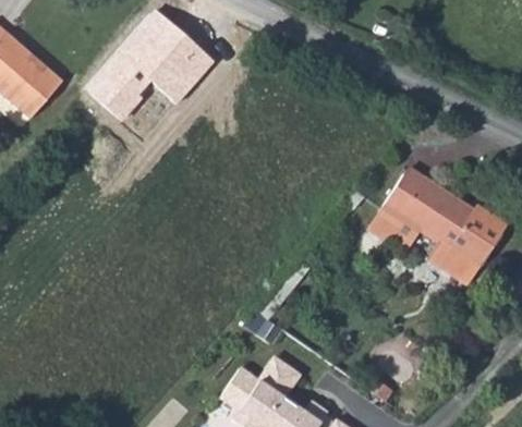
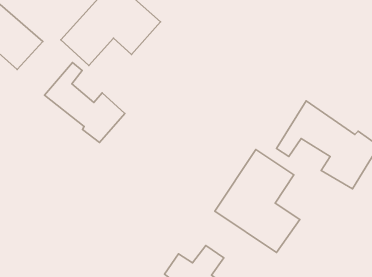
building: none -> [44,63,125,143]
building: none -> [215,150,300,253]

